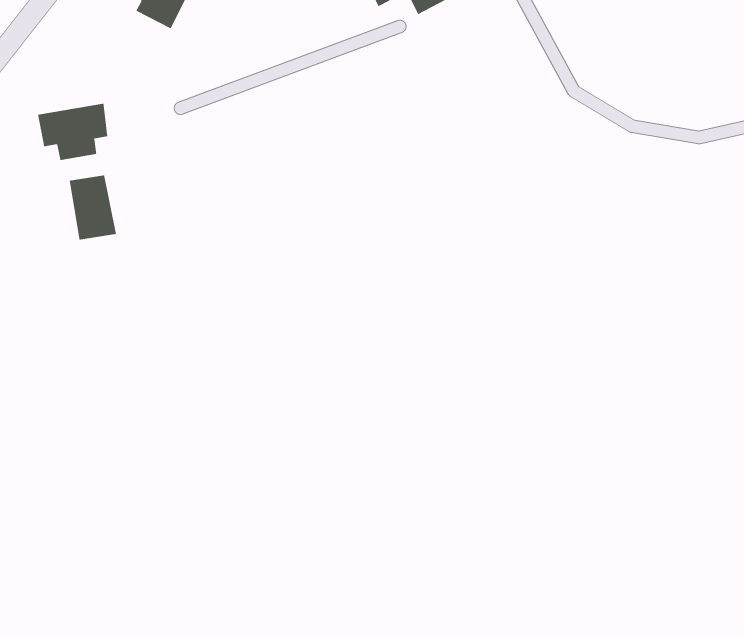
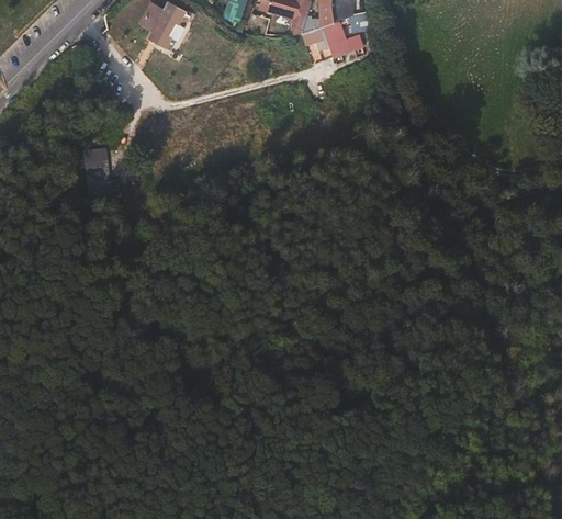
building: [37,103,108,161] -> none

